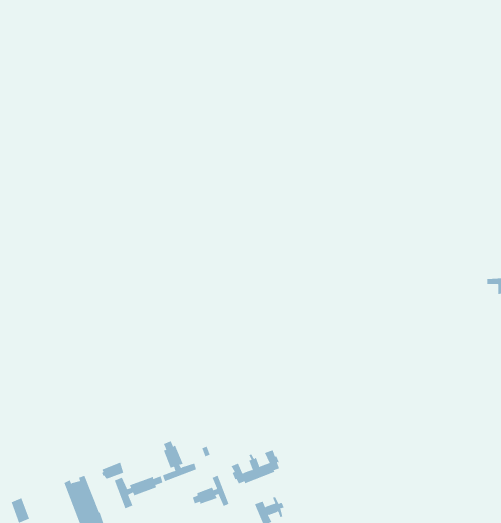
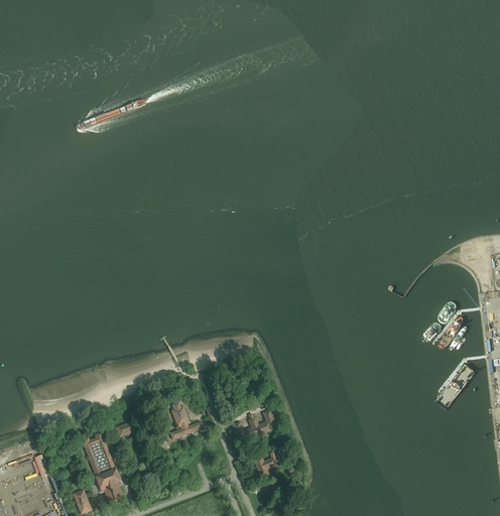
building: [192,475,229,507] -> none
building: [114,476,163,509] -> none

